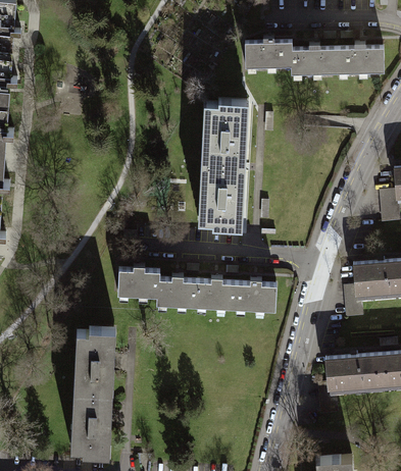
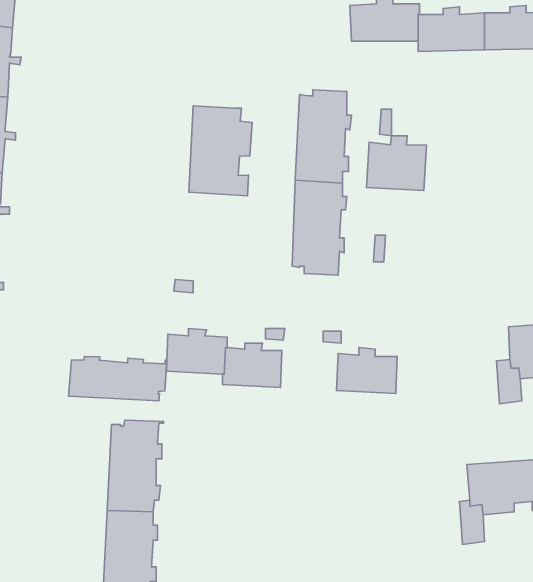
building: none -> [189,106,252,196]
building: none -> [367,136,426,190]
building: [195,276,235,308] -> none
building: none -> [69,356,167,401]

